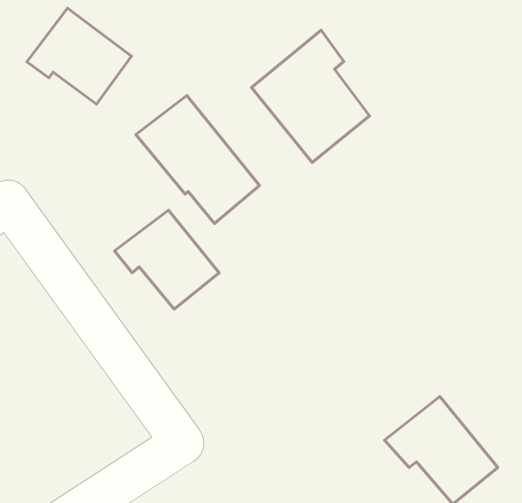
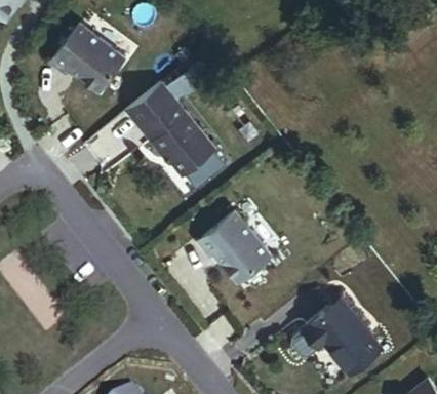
building: [252,30,370,163] -> none
building: [115,210,219,309] -> [196,211,270,281]

